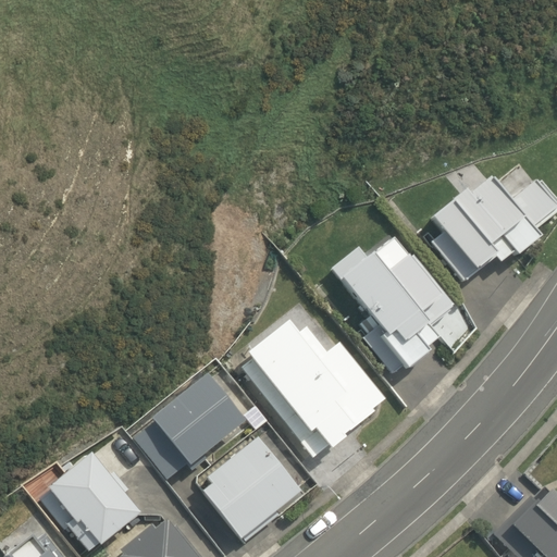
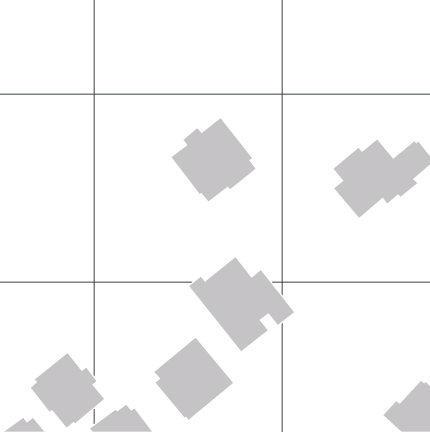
building: none -> [171,117,256,203]
building: [333,247,454,374] -> none
building: [135,373,245,479] -> none

